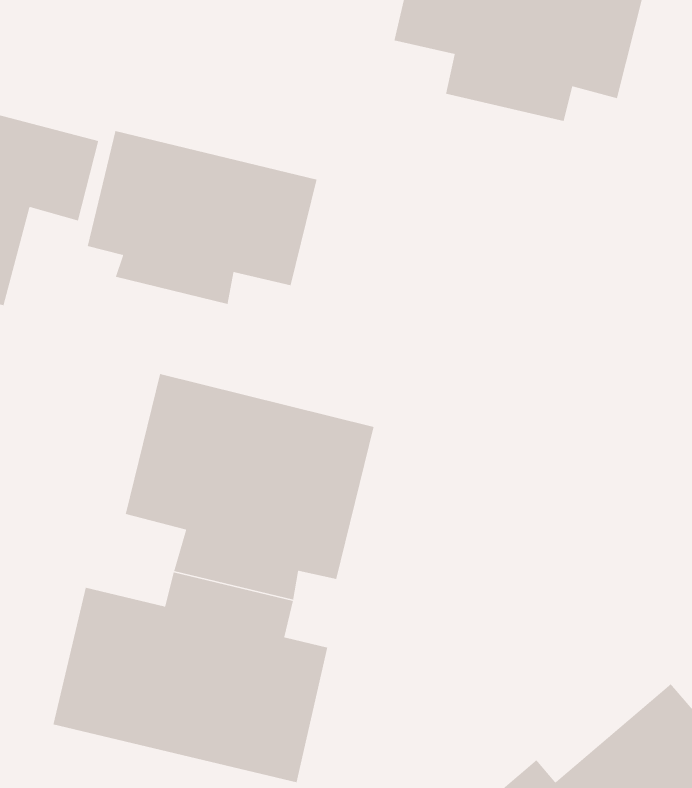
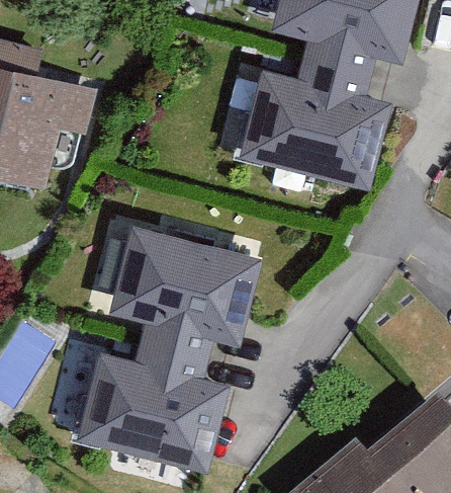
building: none -> [236,62,390,189]
building: [87,130,317,305] -> none

